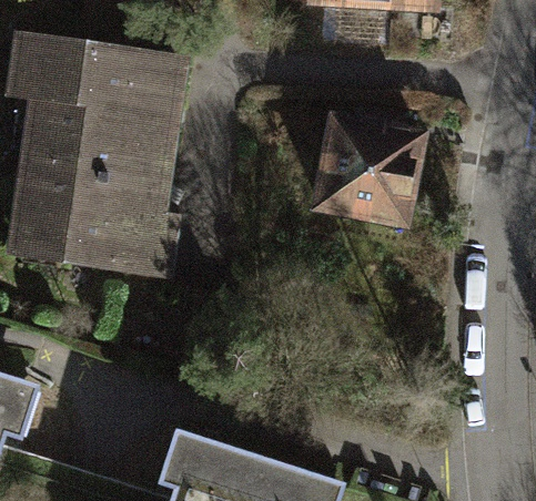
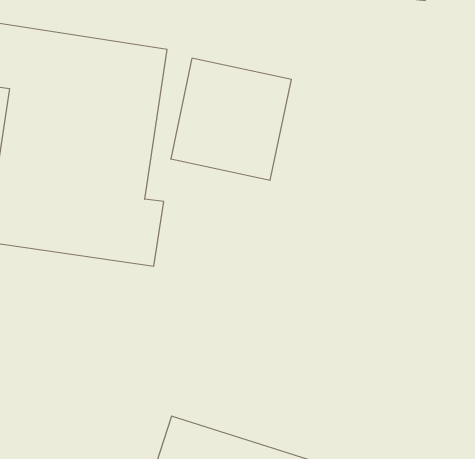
building: [311,110,431,231] -> [171,58,291,180]

